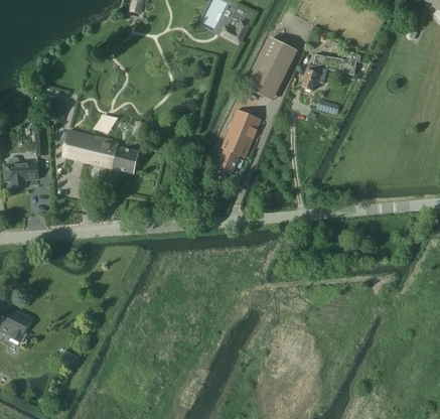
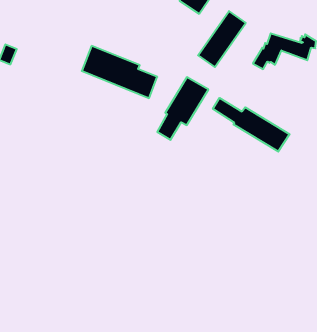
building: none -> [213,98,290,152]
building: [62,129,138,172] -> [82,46,157,98]

